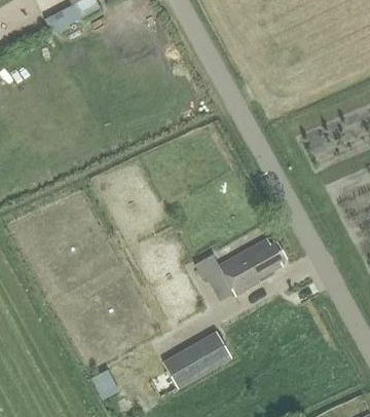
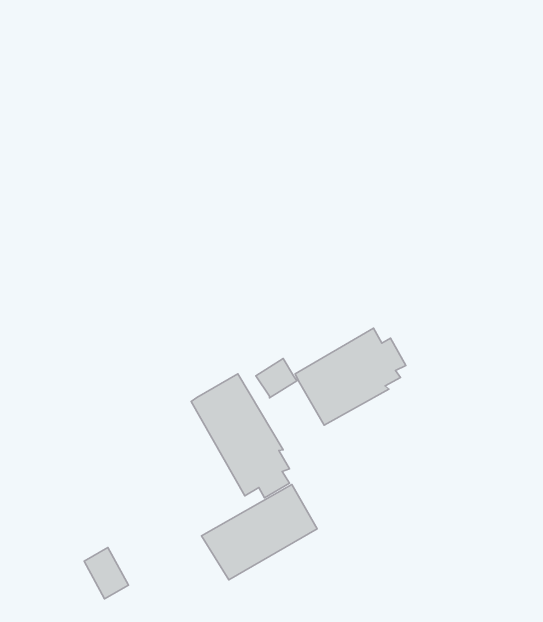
building: none -> [191,374,289,498]

